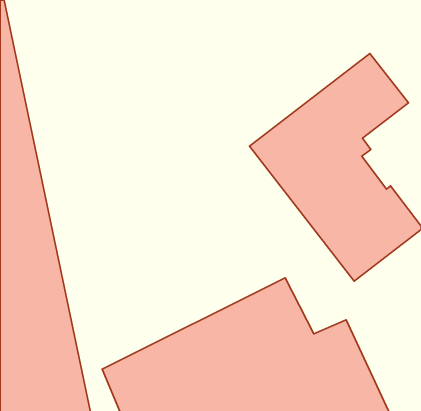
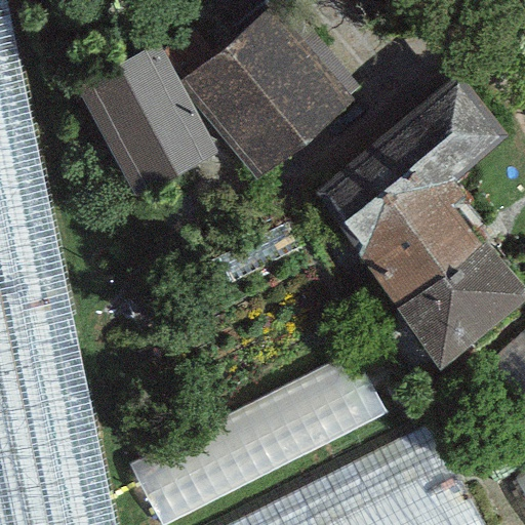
building: none -> [190,18,338,168]
building: none -> [78,44,216,195]

